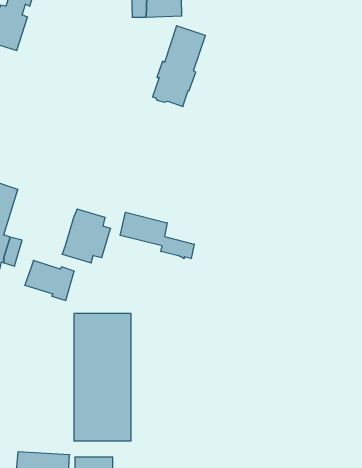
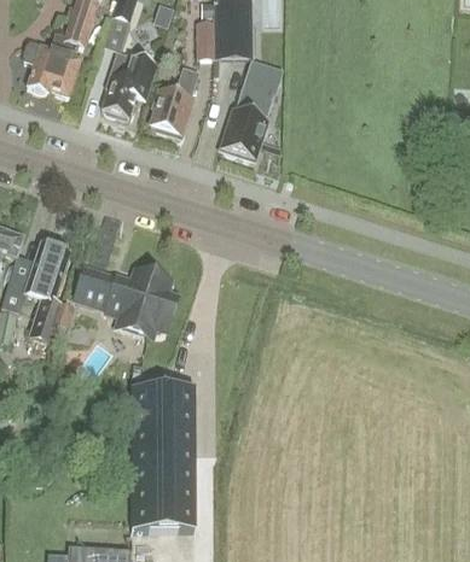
building: none -> [100,49,155,115]
building: none -> [149,64,197,131]
building: [120,212,194,259] -> none
building: [25,260,74,300] -> [75,268,130,312]

